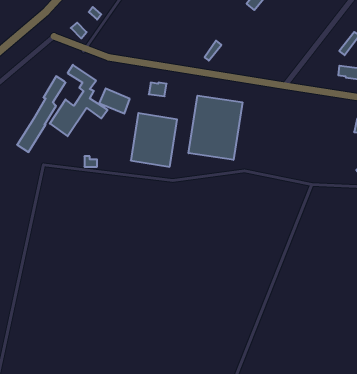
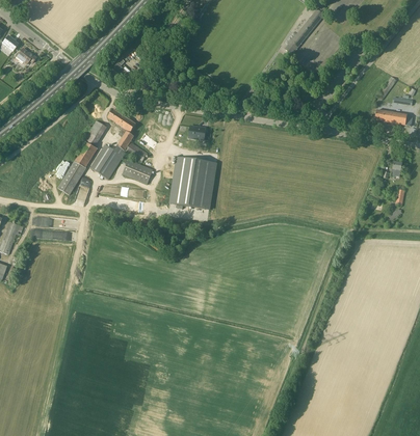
building: [99,88,130,114] -> [123,159,153,184]
building: [189,96,242,160] -> none

